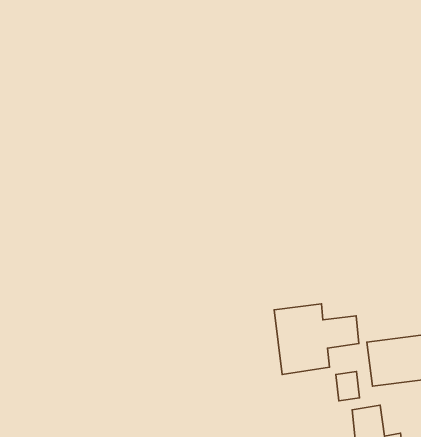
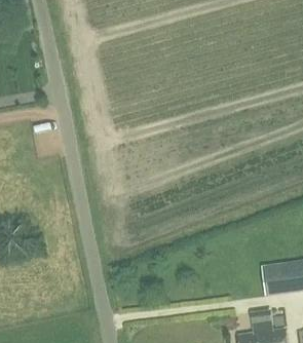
building: [274,304,359,375] -> none

